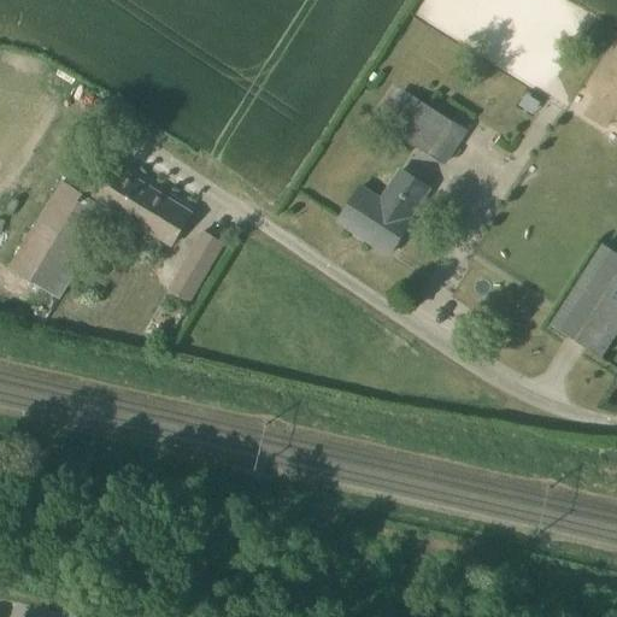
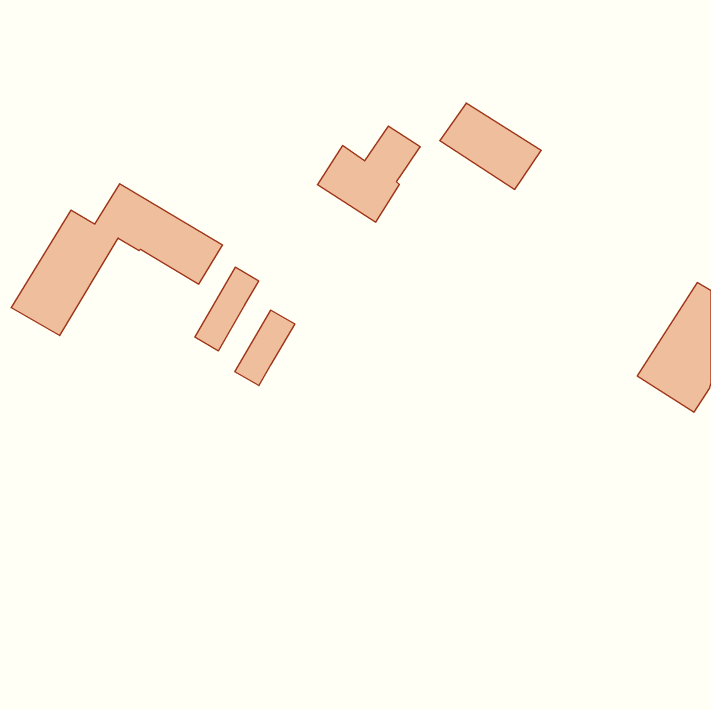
building: [340,171,429,254] -> [317,126,420,222]
building: none -> [235,310,295,386]

